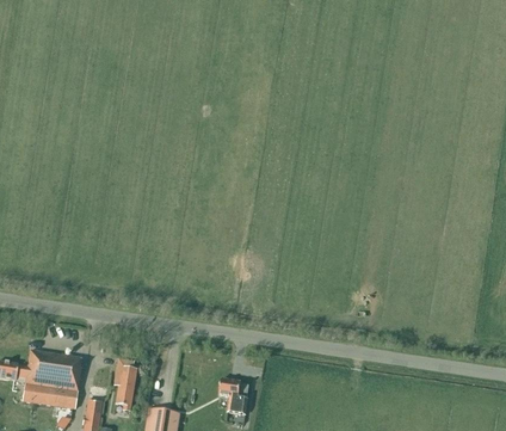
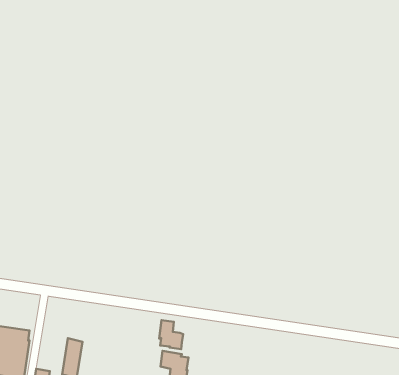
building: none -> [159,320,183,349]

